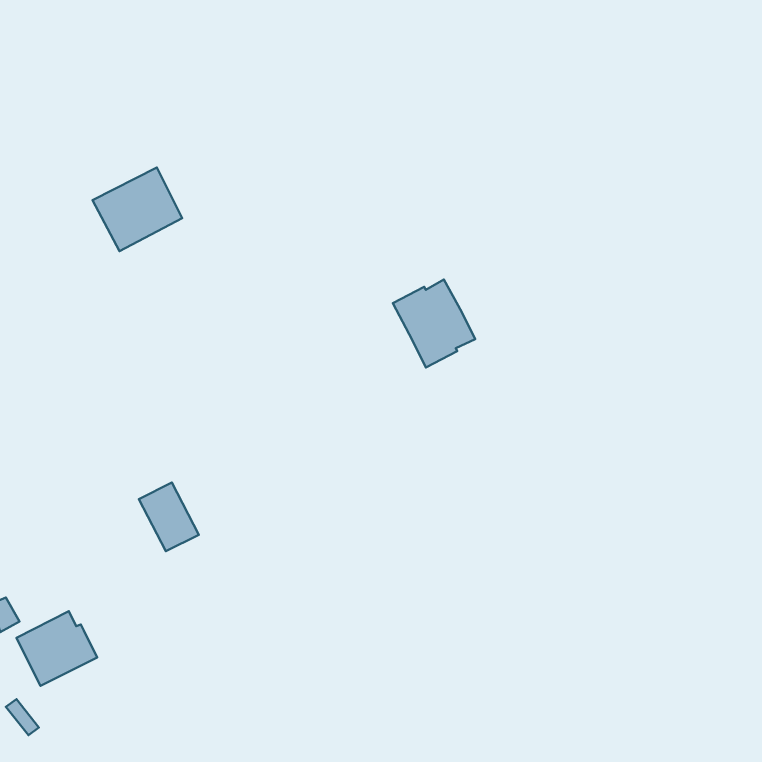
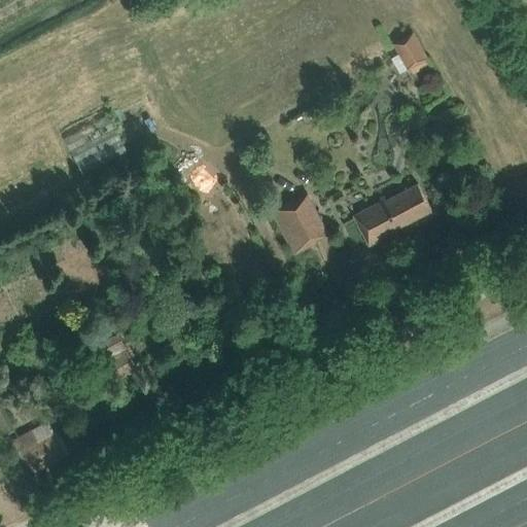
building: none -> [392,32,427,74]
building: none -> [353,184,430,245]

